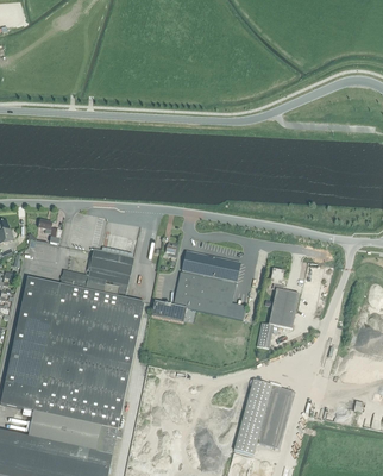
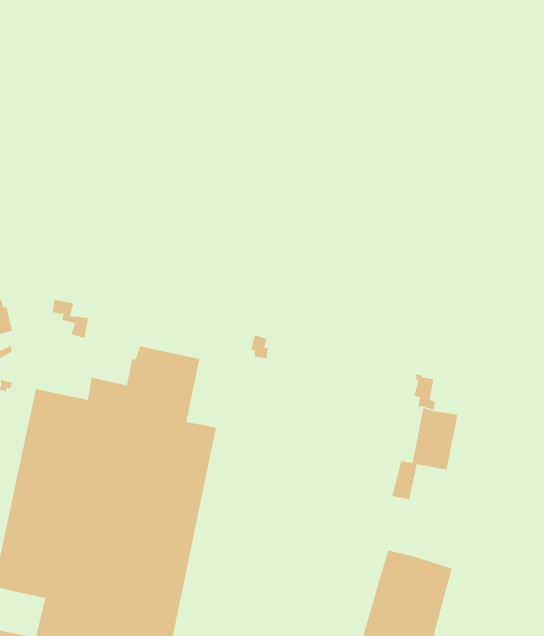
building: [151,251,246,322] -> none

